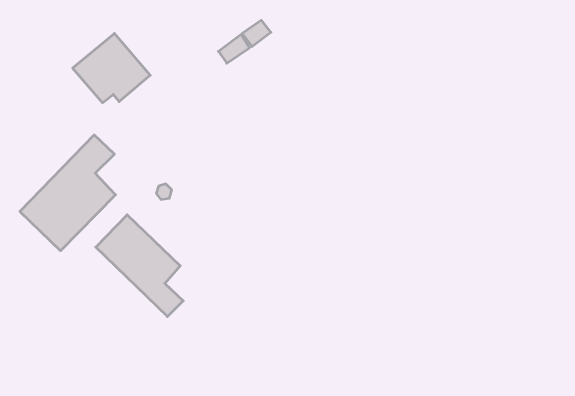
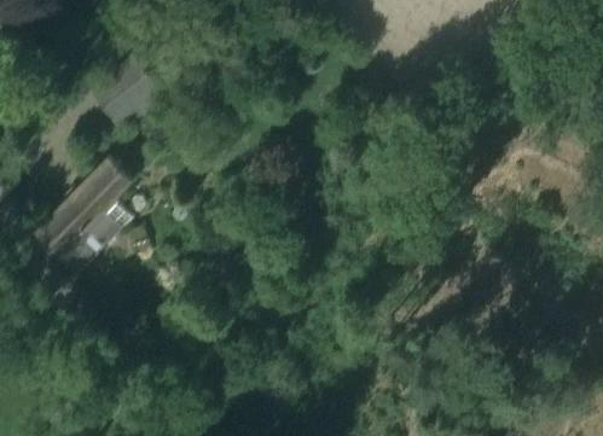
building: [96,215,183,317] -> none

